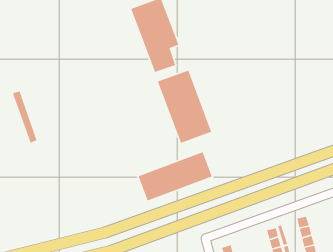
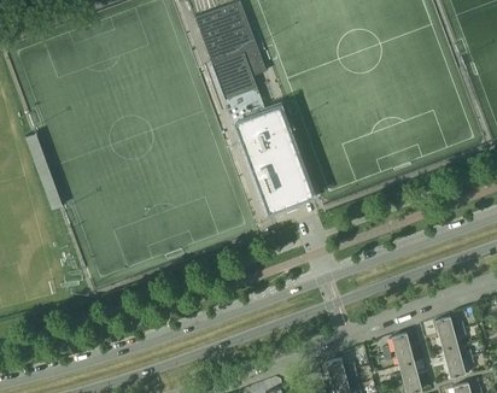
building: [138,151,213,201] -> none

